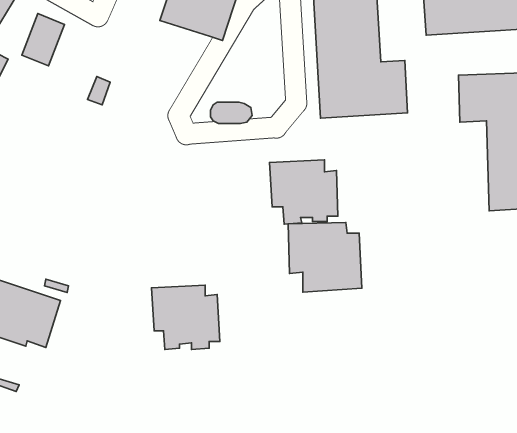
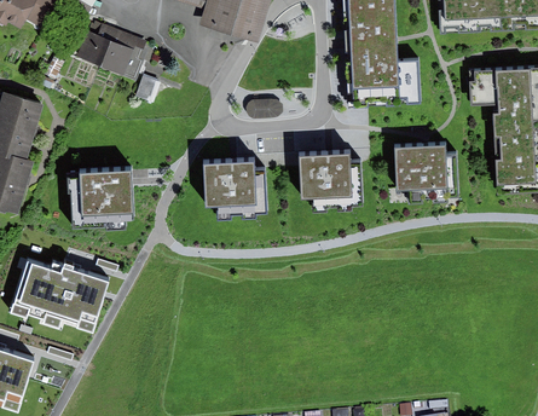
building: none -> [99,27,145,79]
building: none -> [65,167,139,227]
building: [288,222,362,292] -> [392,141,458,204]
building: [151,285,220,349] -> [204,156,266,214]

